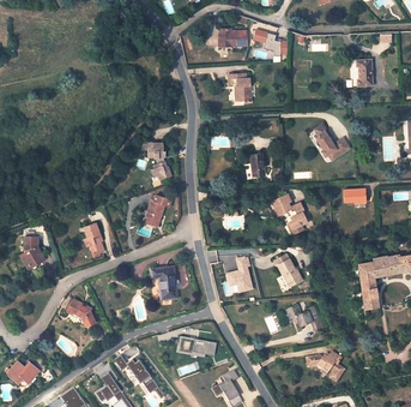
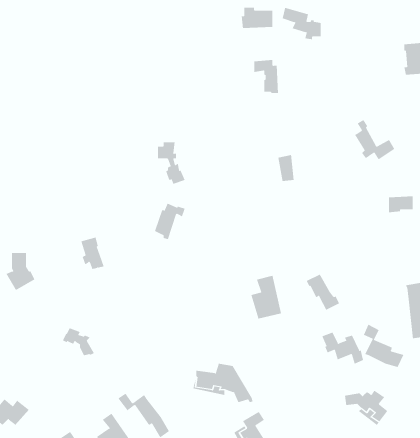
building: [271,194,306,233] -> none
building: [150,267,177,299] -> none
building: none -> [363,324,404,368]

